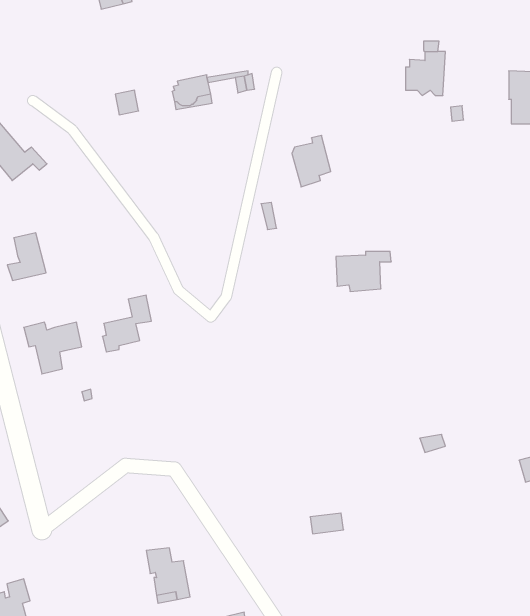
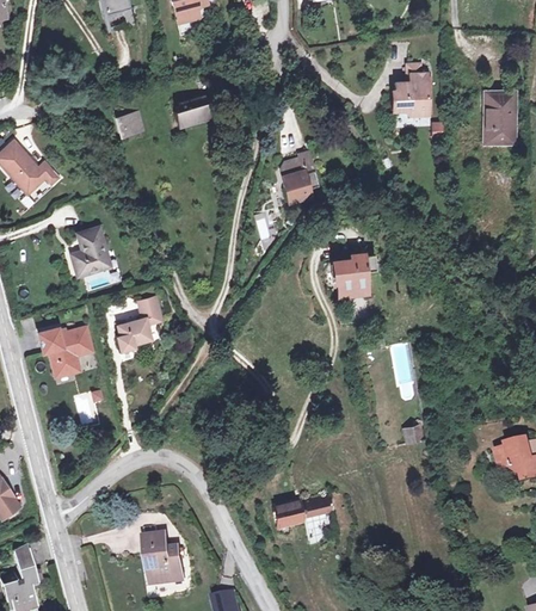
building: [7,233,46,280] -> [68,229,104,273]
building: none -> [275,504,304,527]

